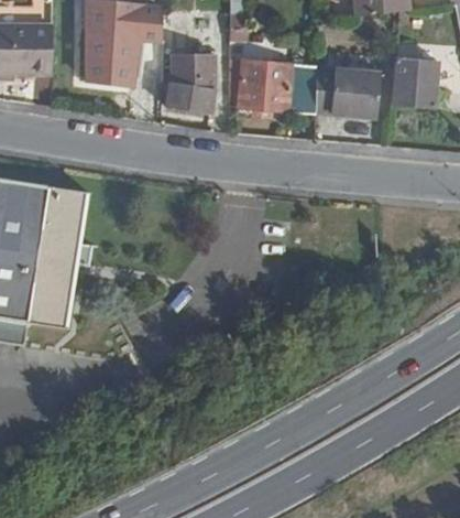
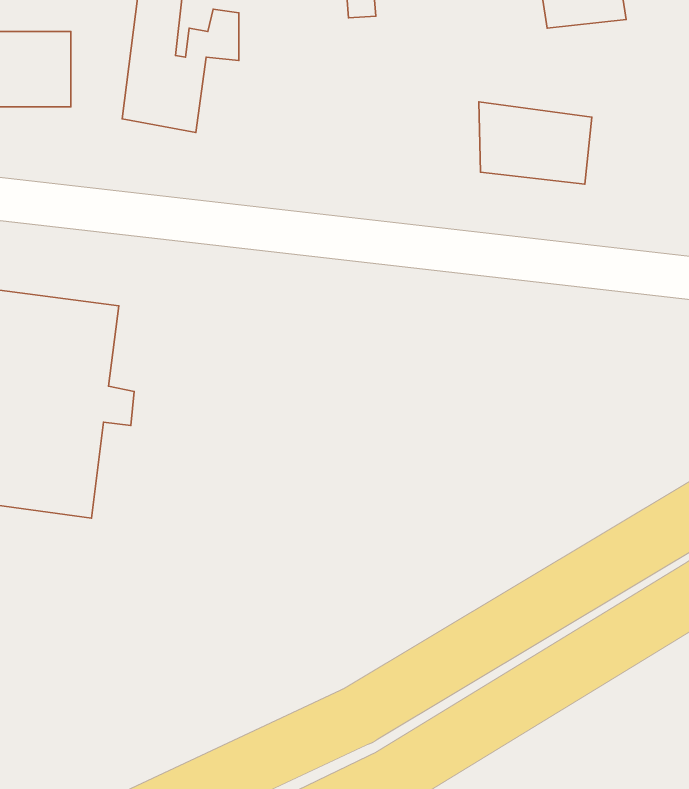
building: [165,53,217,109] -> none
building: [227,54,315,111] -> none
building: [392,60,442,109] -> none

